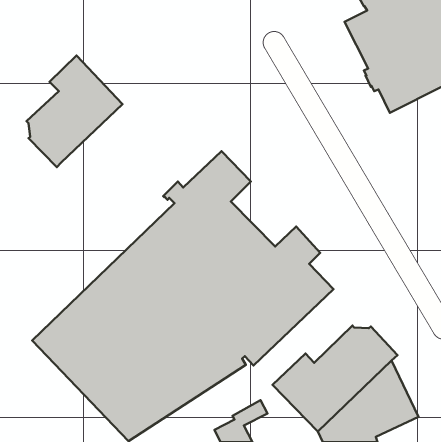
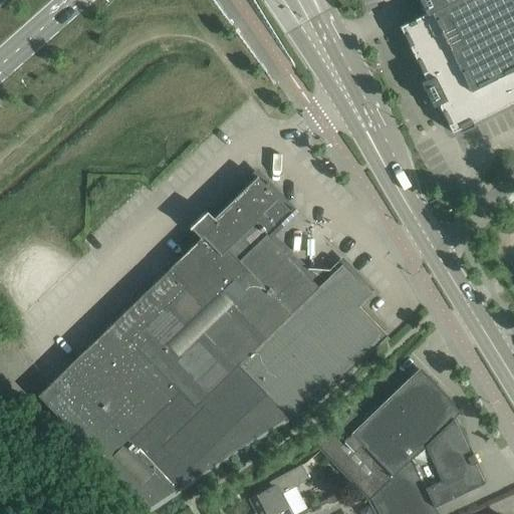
building: [27,56,123,167] -> none

